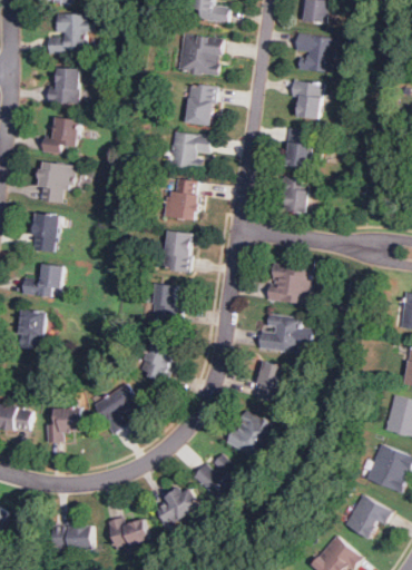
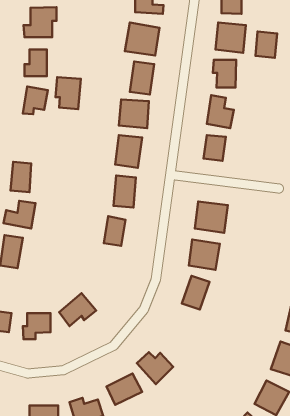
building: none -> [255,32,277,58]
building: [37,161,69,203] -> [56,77,81,109]
building: [139,337,175,380] -> none
building: [225,409,277,461] -> none

